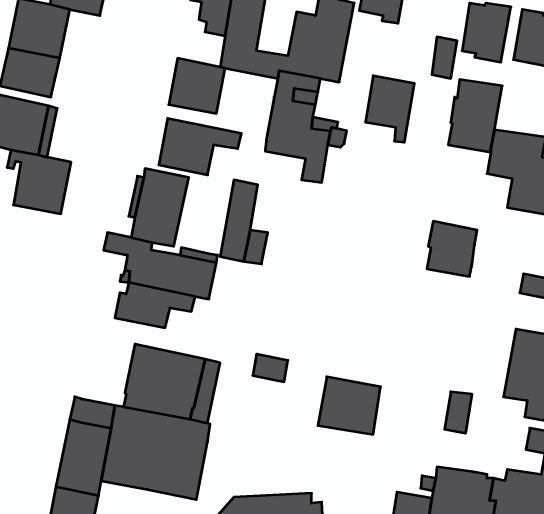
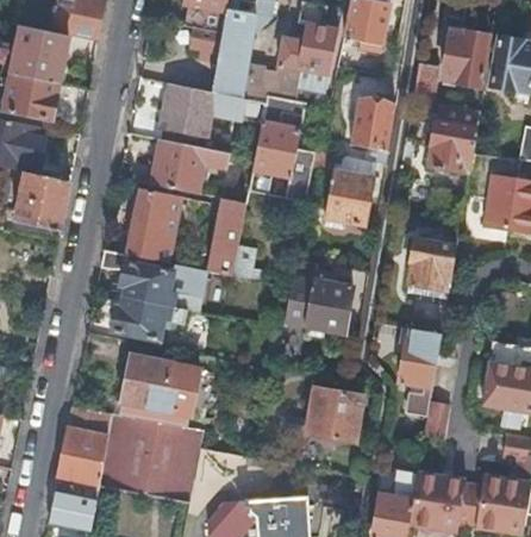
building: none -> [321,162,370,223]
building: none -> [285,277,351,332]
building: none -> [398,329,441,388]

